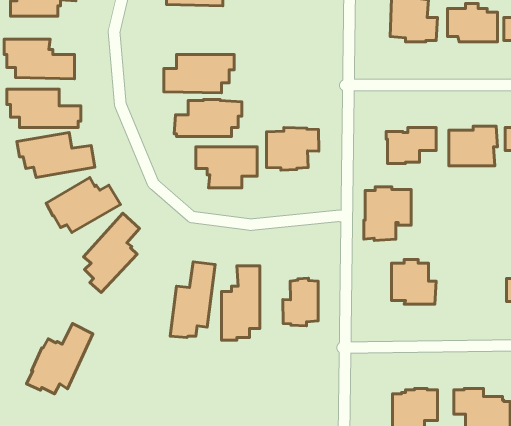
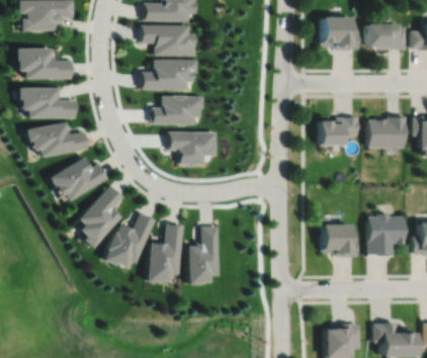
building: none -> [142,24,196,56]
building: [267,127,319,170] -> none
building: [364,187,411,241] -> [368,214,406,257]
building: [283,278,318,326] -> none
building: [27,324,93,394] -> [104,212,157,268]

